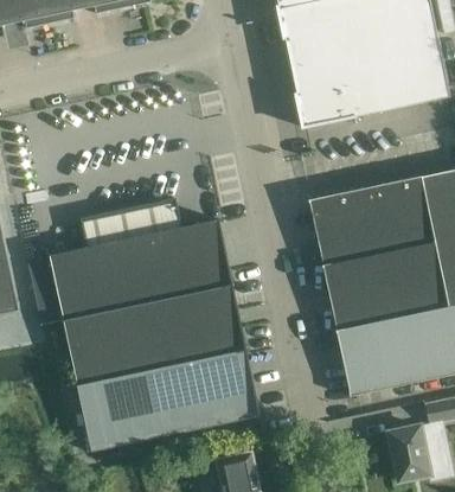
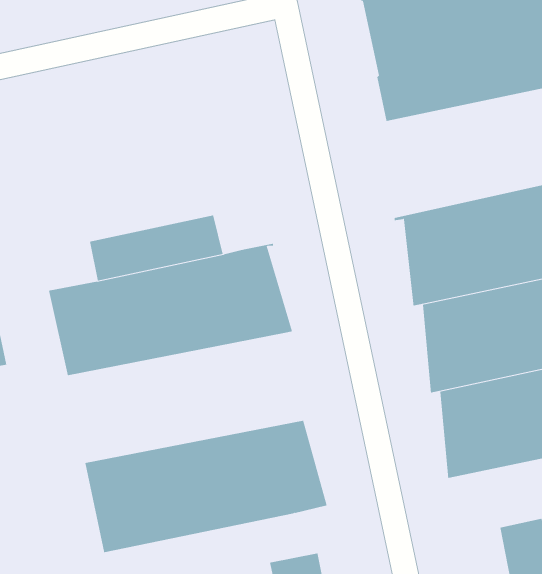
building: [63,287,245,384] -> none

